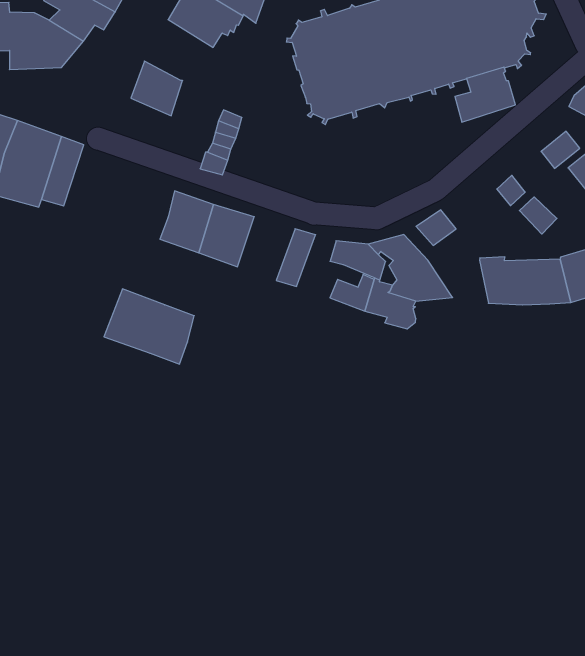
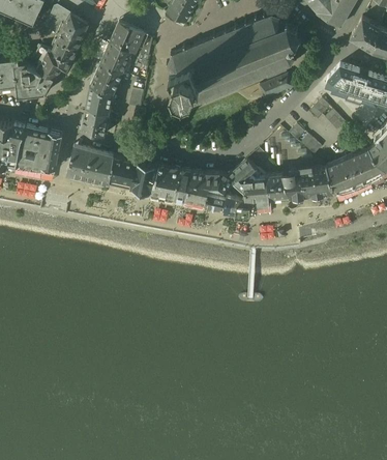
building: none -> [90,62,126,94]
building: none -> [81,107,109,136]
building: none -> [152,164,181,197]
building: none -> [185,170,209,203]
building: none -> [265,174,290,198]
building: [104,289,194,364] -> [66,144,114,181]

